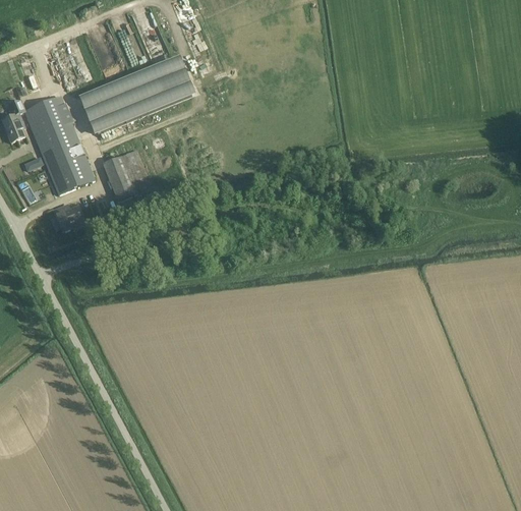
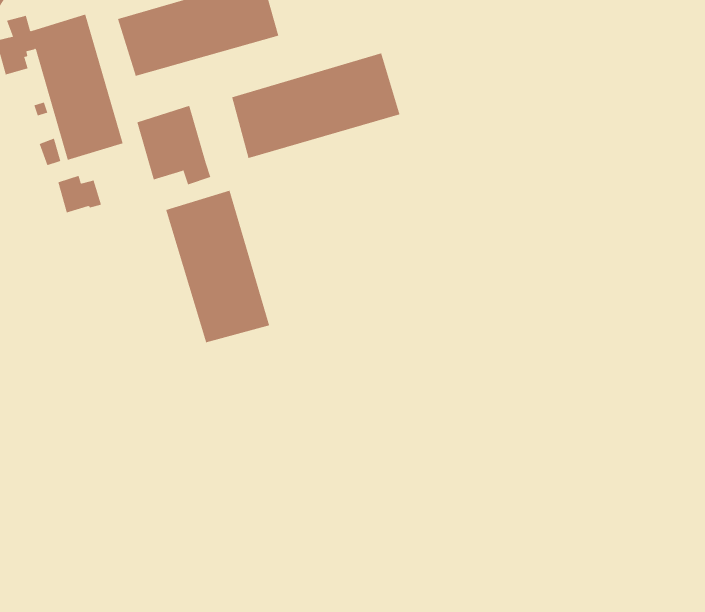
building: none -> [231,52,400,159]
building: none -> [166,190,270,343]

